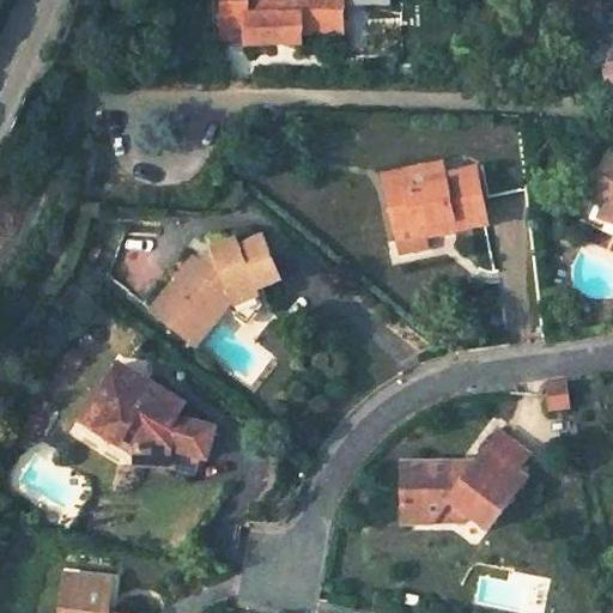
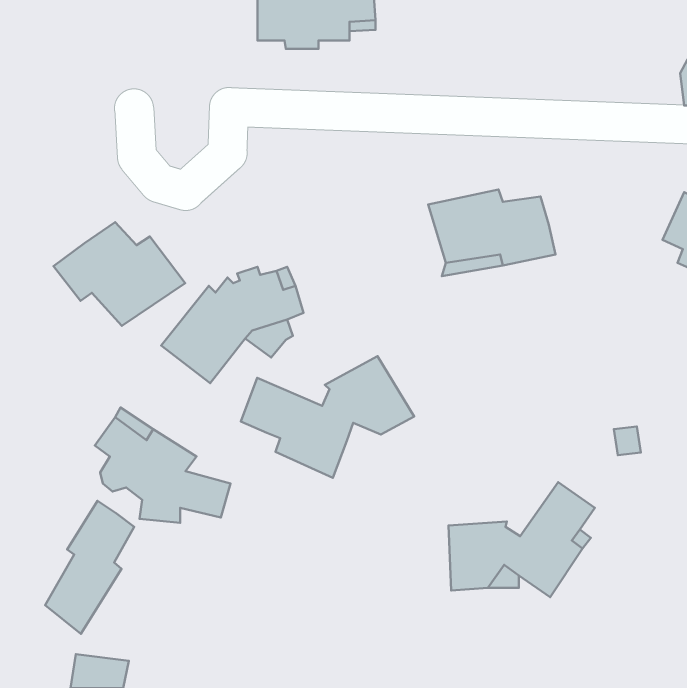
building: none -> [54,222,185,326]
building: none -> [241,356,414,478]
building: none -> [45,501,134,634]

